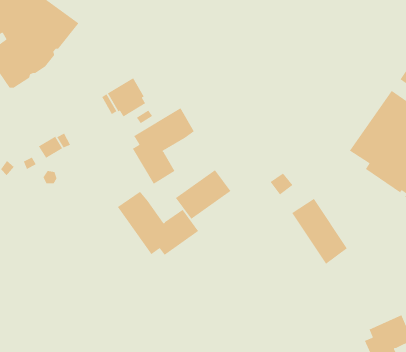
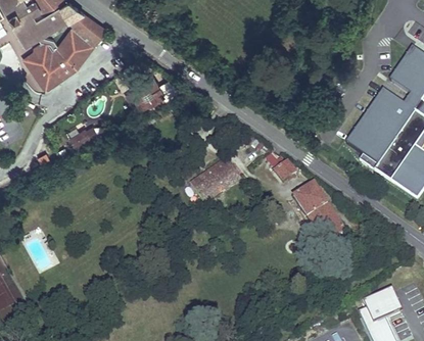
building: [132,107,195,185] -> none
building: [117,191,199,256] -> none

